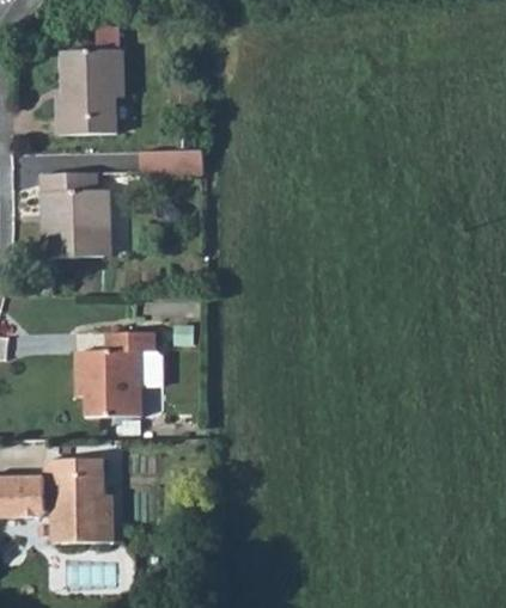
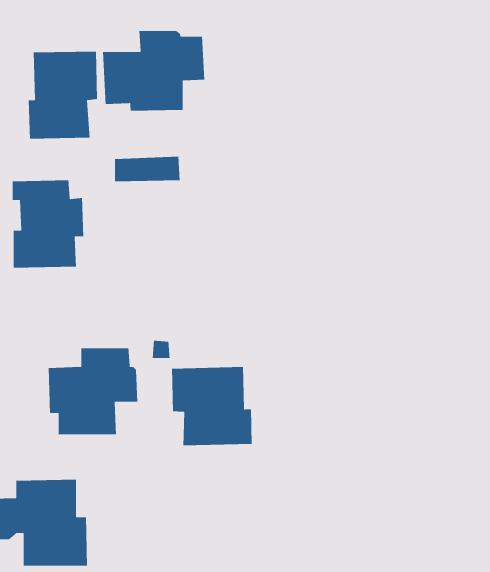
building: none -> [102,30,205,112]
building: none -> [171,366,252,446]

